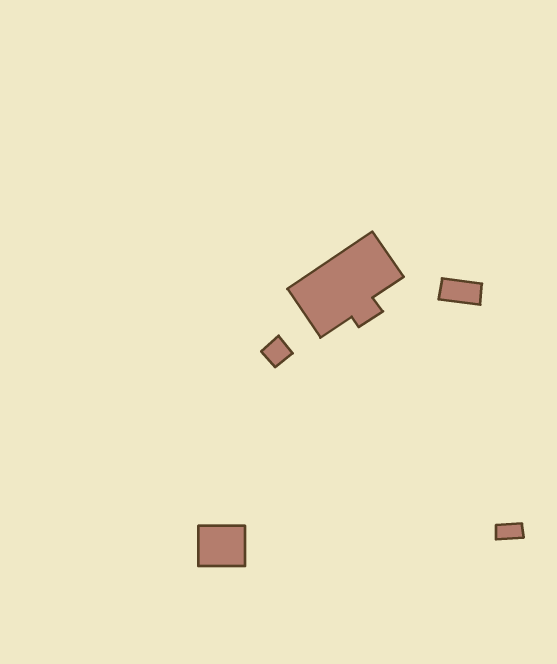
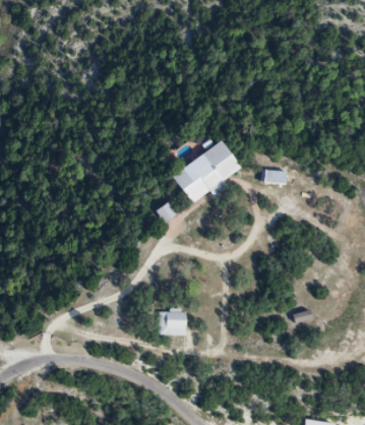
building: [198,526,245,566] -> [159,311,186,335]

